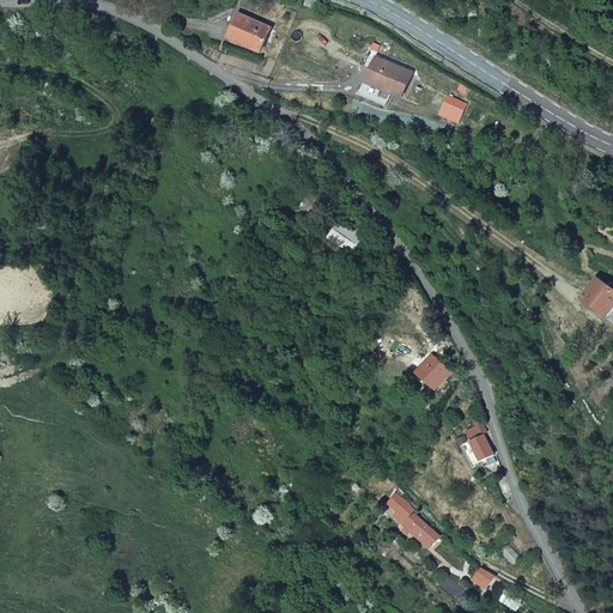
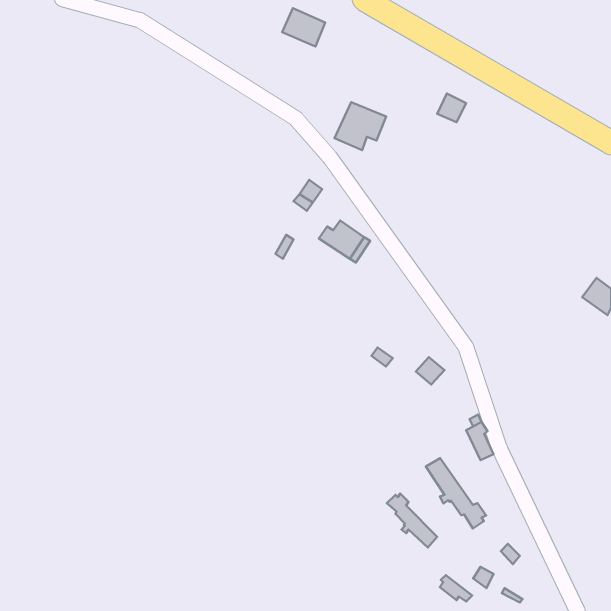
building: [226,12,269,50] -> [282,8,325,47]
building: [358,56,409,104] -> [335,102,386,150]
building: none -> [426,458,486,529]

